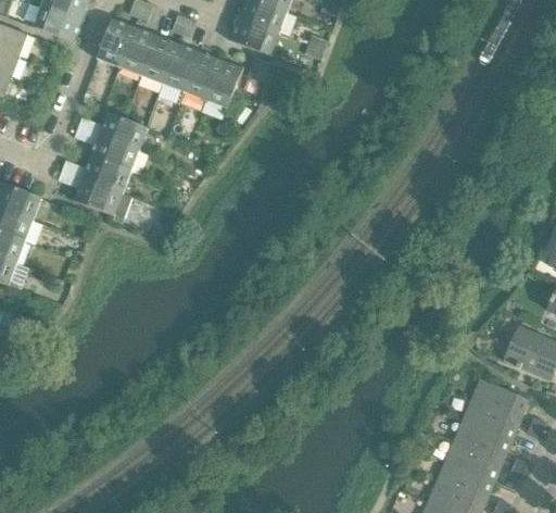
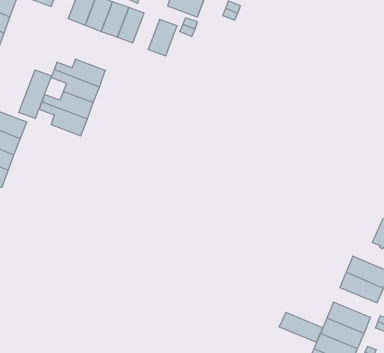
building: [184,50,219,99] -> none
building: none -> [19,70,51,119]
building: [453,420,511,460] -> [279,312,323,342]

